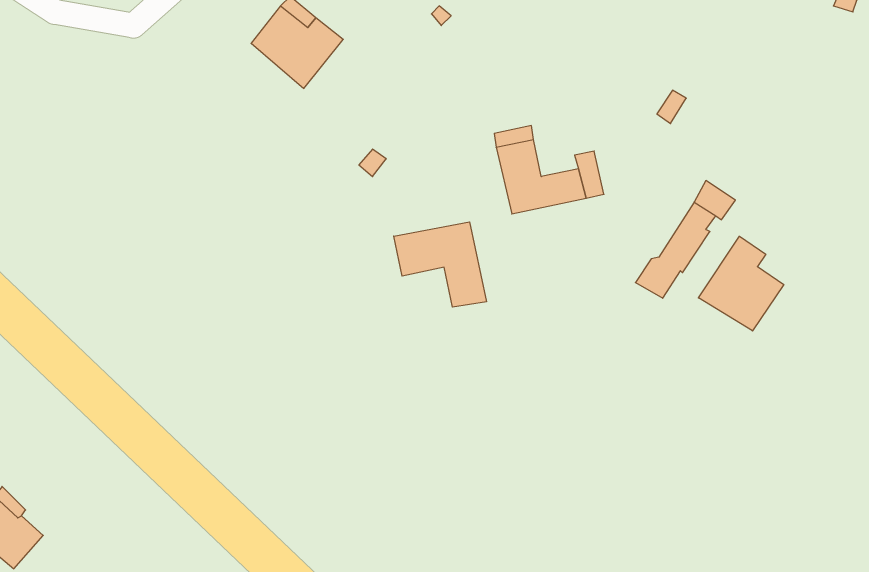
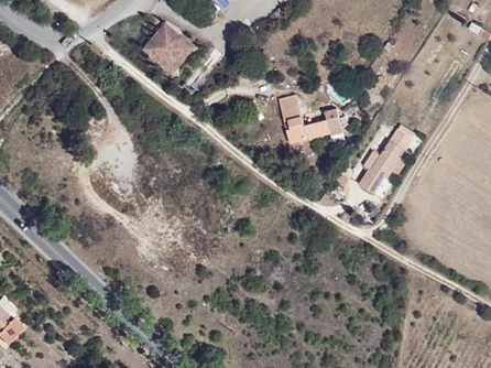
building: [394,222,486,307] -> none
building: [698,236,784,331] -> none

